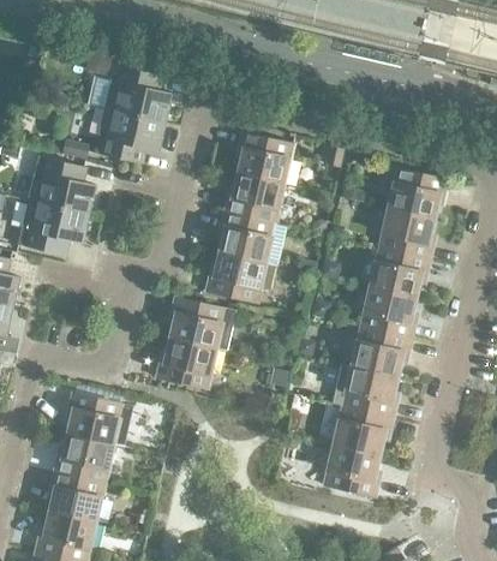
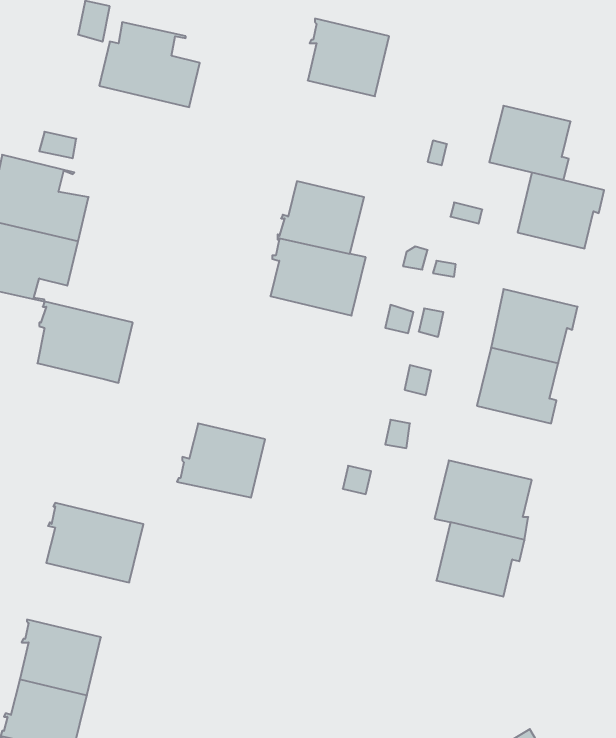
building: [94,109,164,165] -> none
building: [238,132,293,185] -> [308,19,389,96]
building: [378,209,433,259] -> [489,106,571,180]
building: [204,252,275,304] -> none
building: [170,297,235,352] -> [37,301,133,383]
building: [352,327,411,377] -> none
building: [54,434,113,484] -> none
building: [324,446,378,497] -> none

